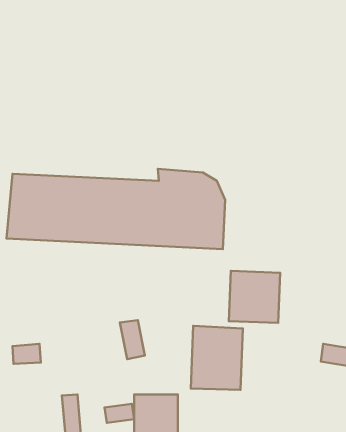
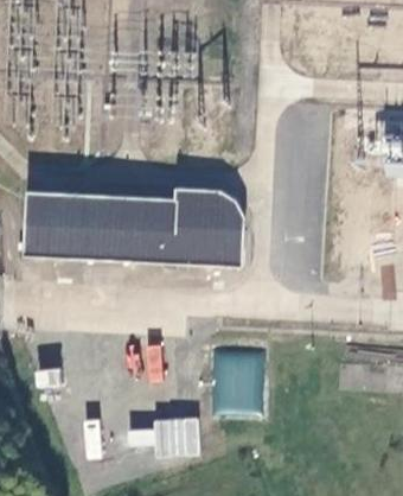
building: [229,271,280,323] -> none

